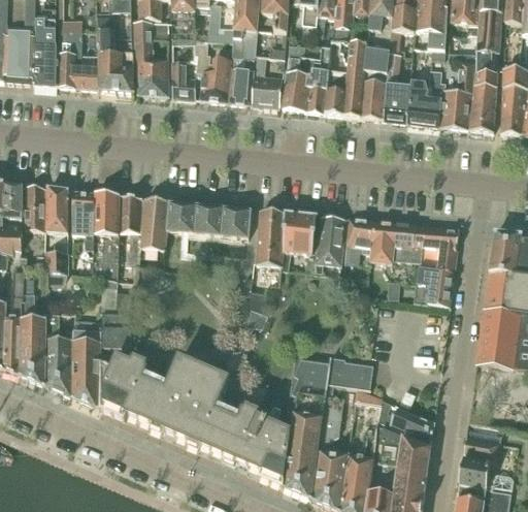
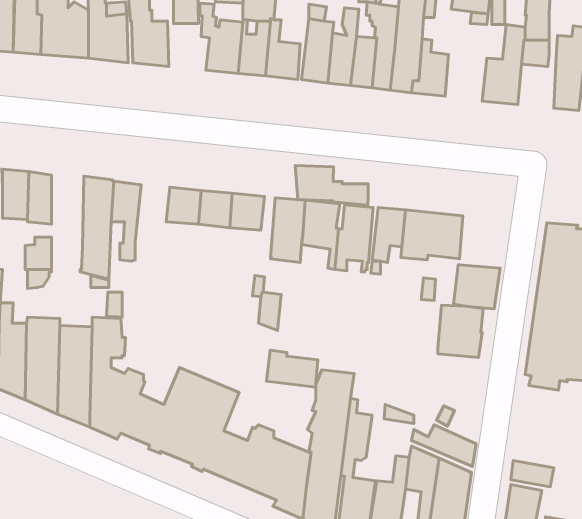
building: [171,58,196,98] -> none
building: [407,79,443,125] -> none
building: [470,93,496,130] -> none
building: none -> [295,166,368,205]
building: [72,189,96,270] -> none
building: [140,197,170,249] -> none
building: [420,224,459,269] -> [438,305,483,358]
building: [327,355,371,387] -> [267,350,318,387]

